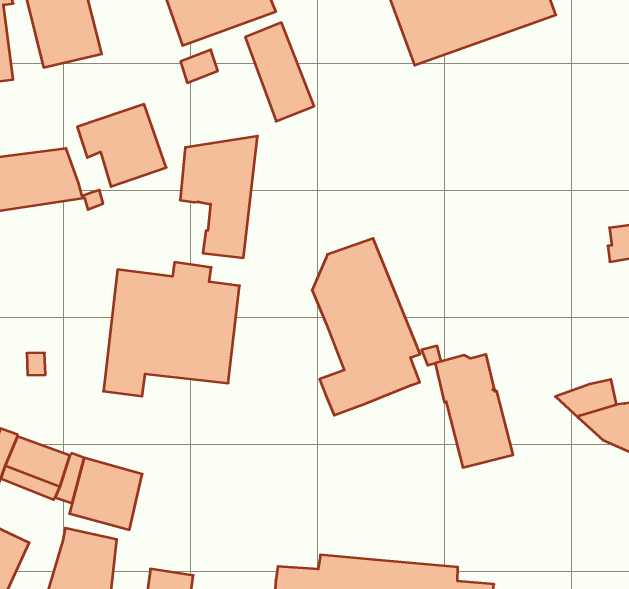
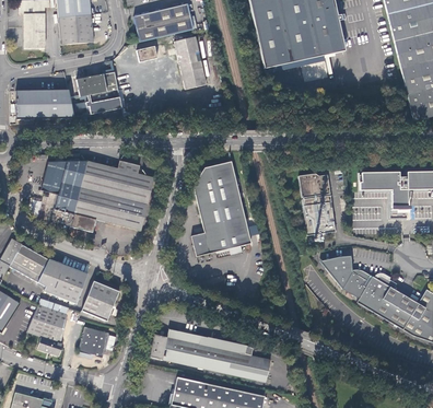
building: [180,136,258,258] -> [42,160,89,225]
building: [435,354,513,467] -> [299,173,335,234]
building: none -> [82,280,119,320]

